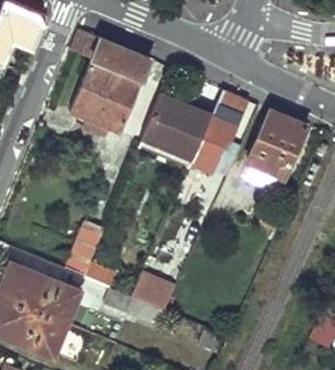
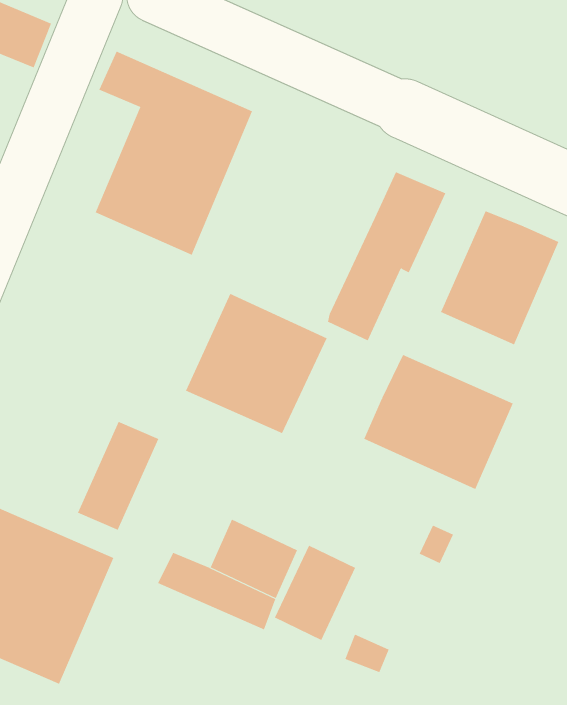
building: [139,93,213,165] -> [185,293,328,434]
building: none -> [364,354,514,490]
building: none -> [274,545,356,641]

